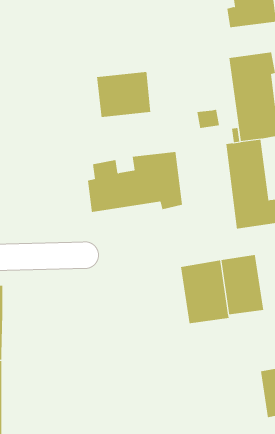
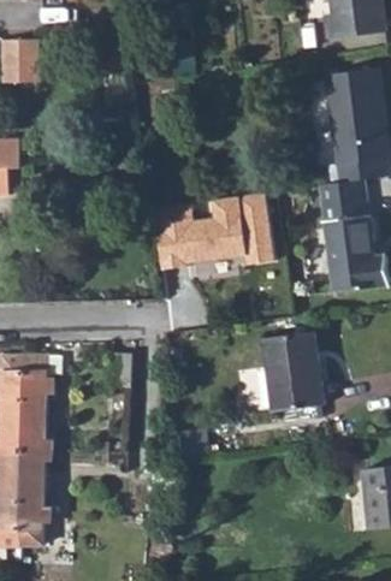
building: [97,71,151,118] -> none
building: [221,254,264,315] -> none

